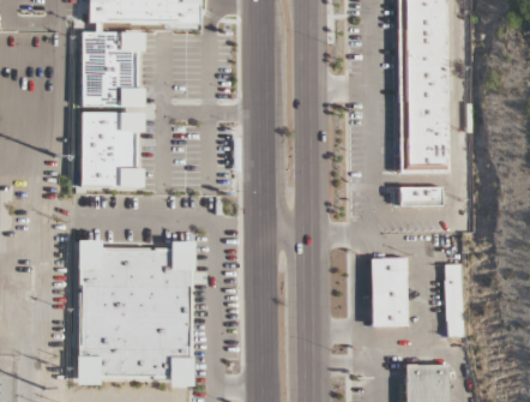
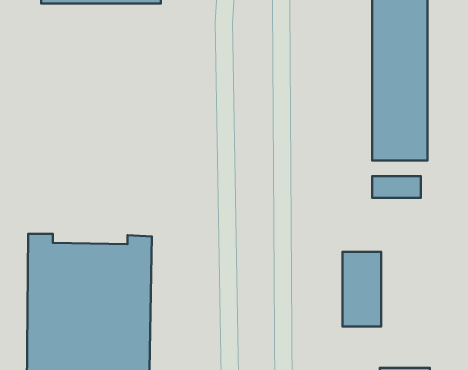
building: [82,30,144,106] -> none
building: [80,110,143,187] -> none
building: [446,263,465,336] -> none

